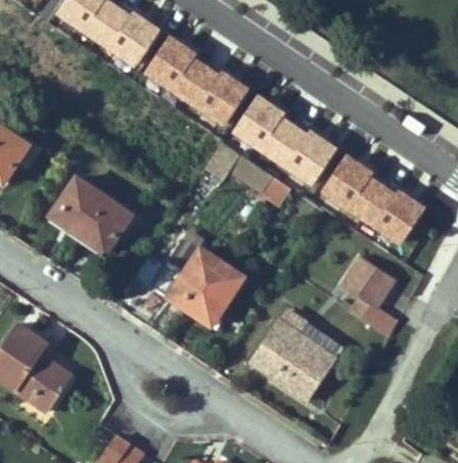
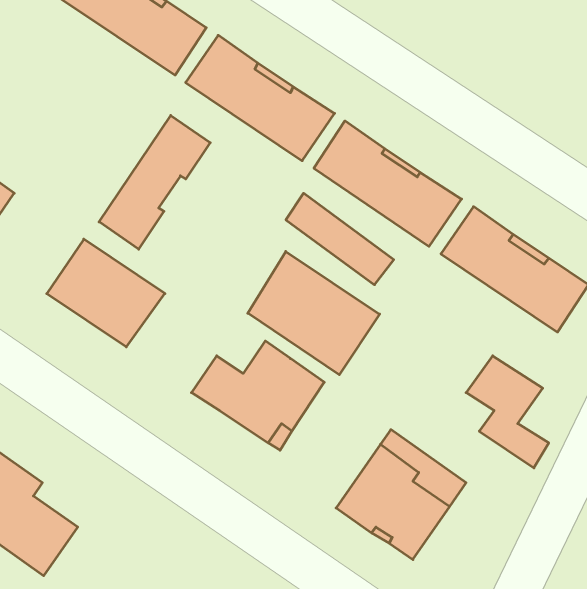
building: none -> [99,115,210,249]
building: none -> [248,251,380,375]

